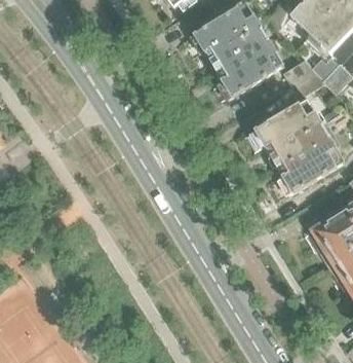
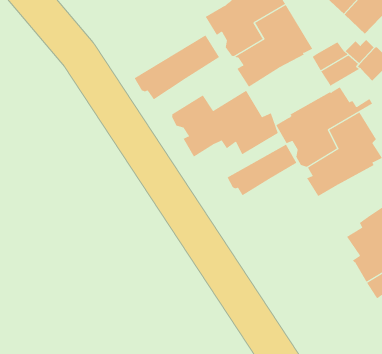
building: none -> [134,35,220,100]
building: none -> [172,90,278,157]
building: none -> [227,144,297,196]

